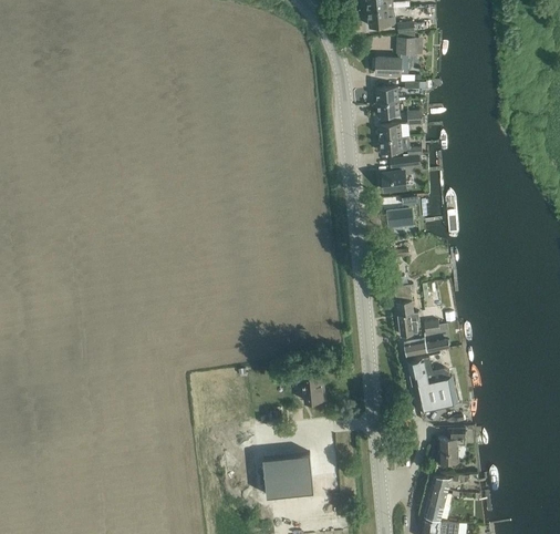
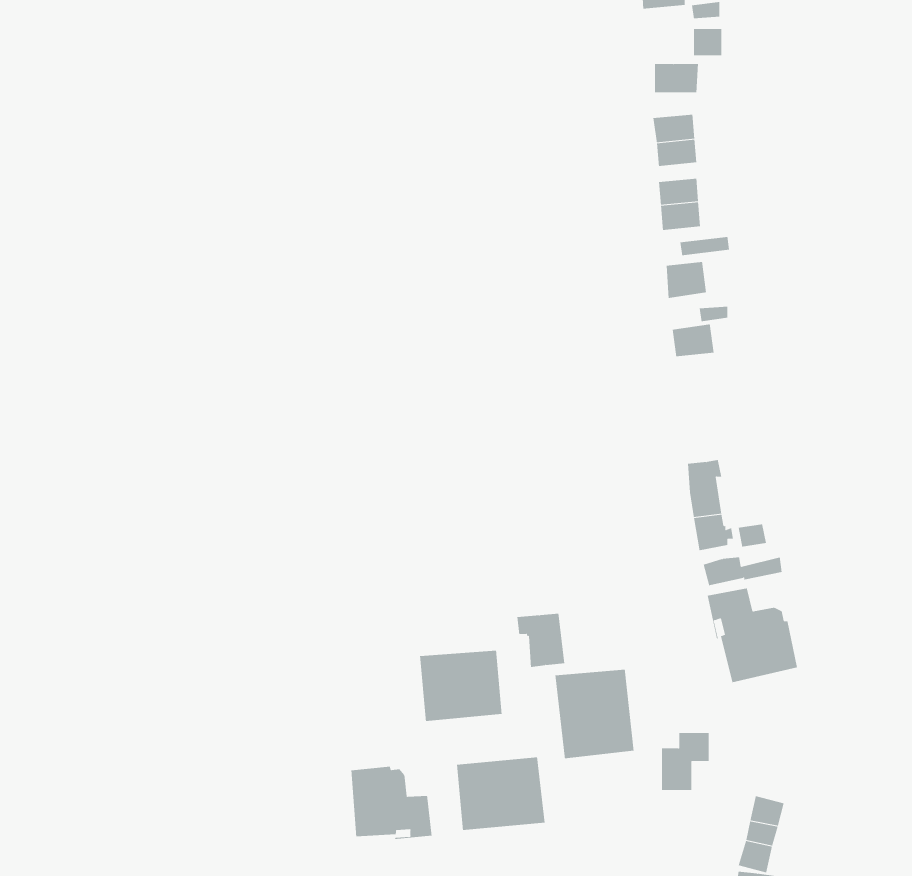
building: none -> [419,650,502,722]
building: none -> [555,669,634,759]
building: [438,431,466,464] -> [661,732,710,791]
building: none -> [351,766,432,840]

